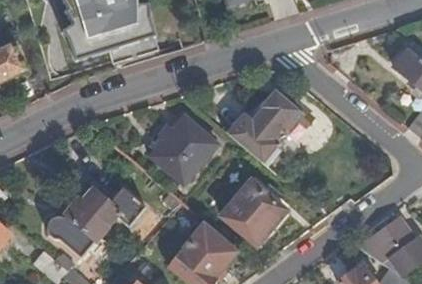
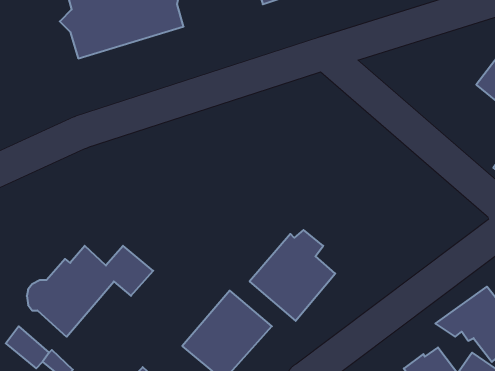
building: [228,87,310,161] -> none
building: [150,114,217,185] -> none

